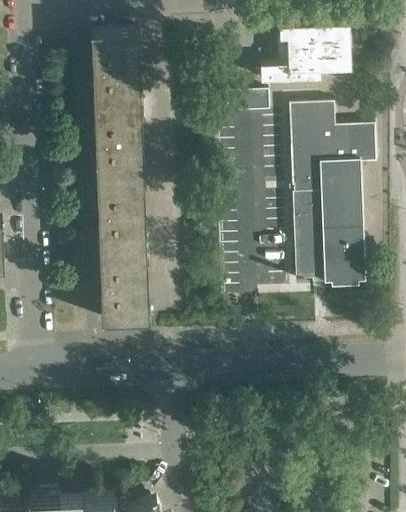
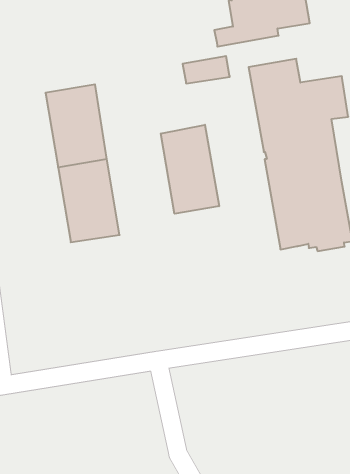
building: [90,33,141,107] -> none
building: none -> [161,125,219,214]
building: [99,250,150,324] -> none

